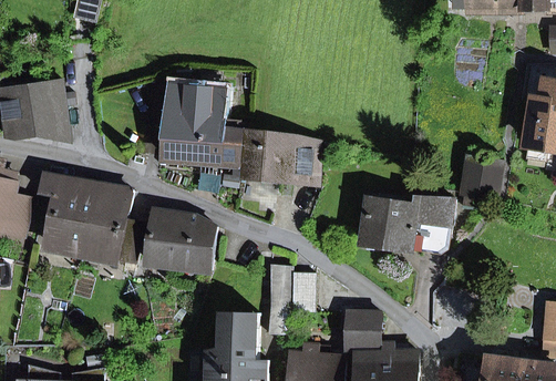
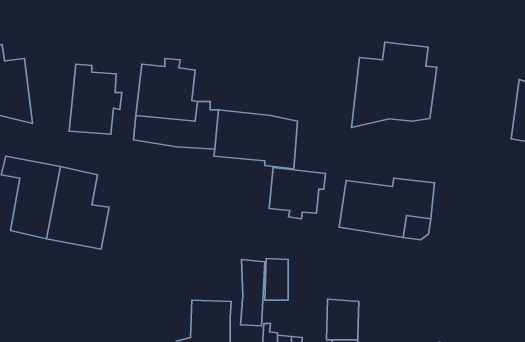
building: none -> [352,42,437,128]
building: none -> [69,64,122,134]
building: [461,158,500,207] -> none
building: none -> [269,168,325,219]
building: [147,209,216,269] -> none

